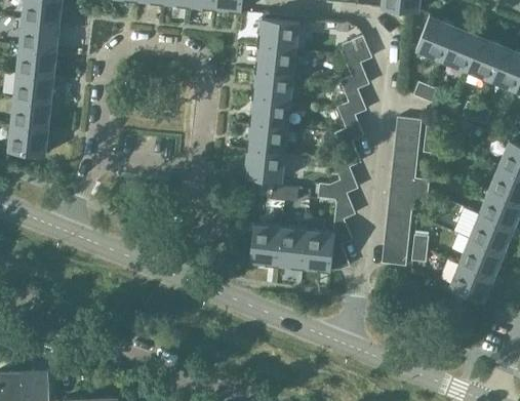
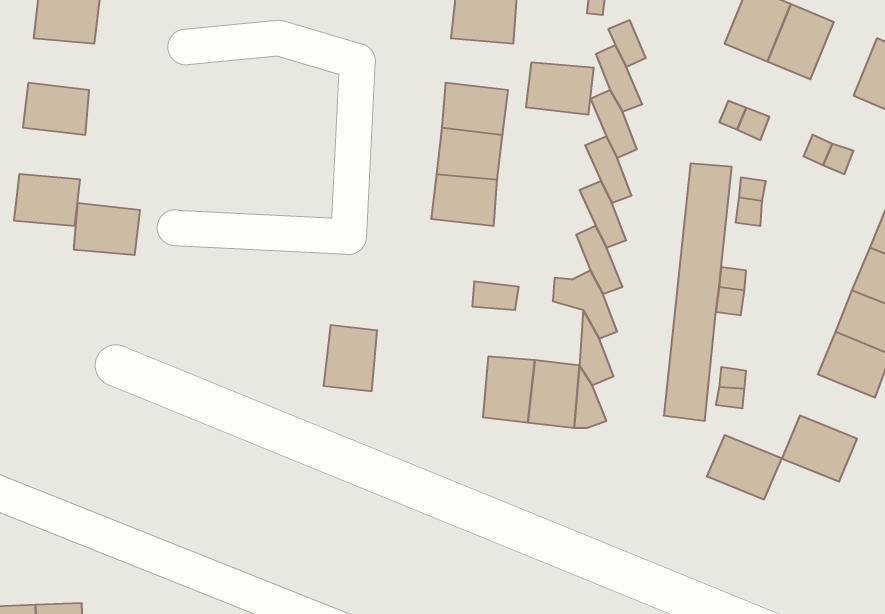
building: [466,37,504,79] -> none
building: [17,46,55,76] -> none
building: [256,46,295,76] -> [526,63,594,114]
building: [12,97,50,127] -> [74,203,140,255]
building: [245,150,284,181] -> none
building: [250,226,281,264] -> [323,325,377,391]
building: [459,239,503,276] -> [707,435,782,499]

